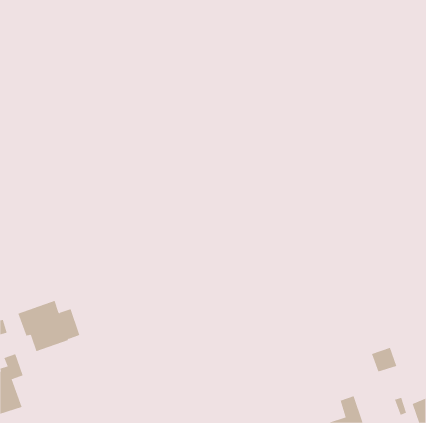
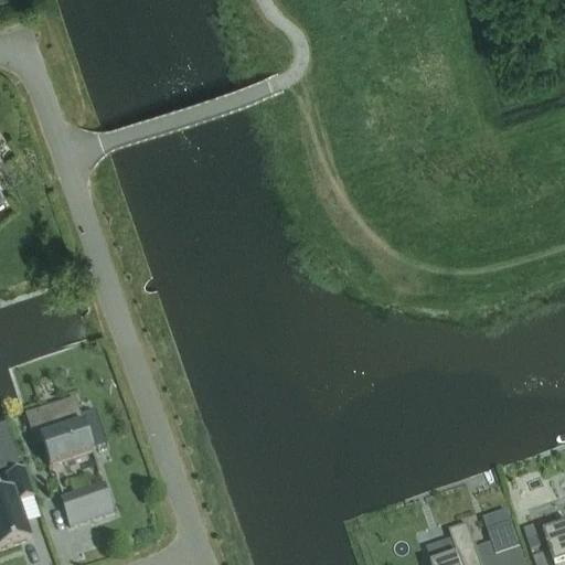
building: [371,347,397,372] -> [486,521,520,554]
building: none -> [58,482,111,524]

